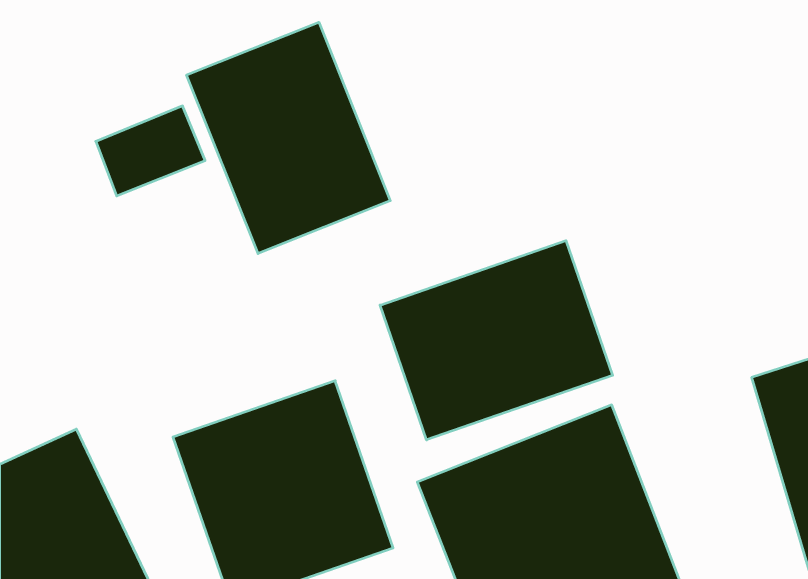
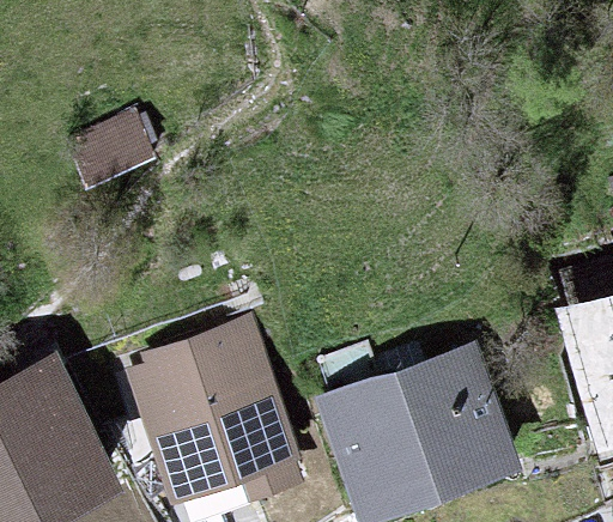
building: [187,22,390,254] -> none
building: [380,241,613,440] -> none

